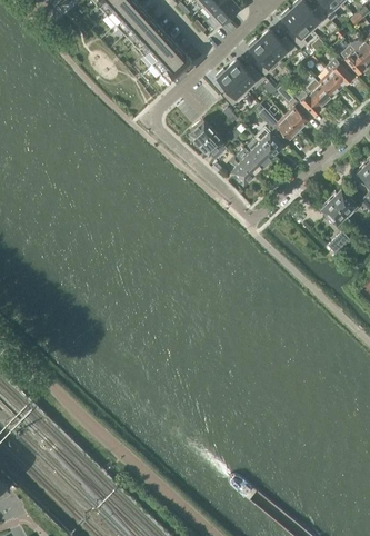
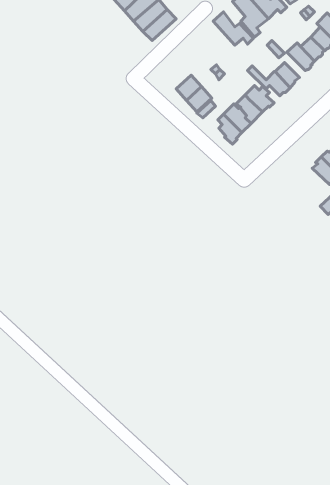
building: [214,67,246,109] -> none

